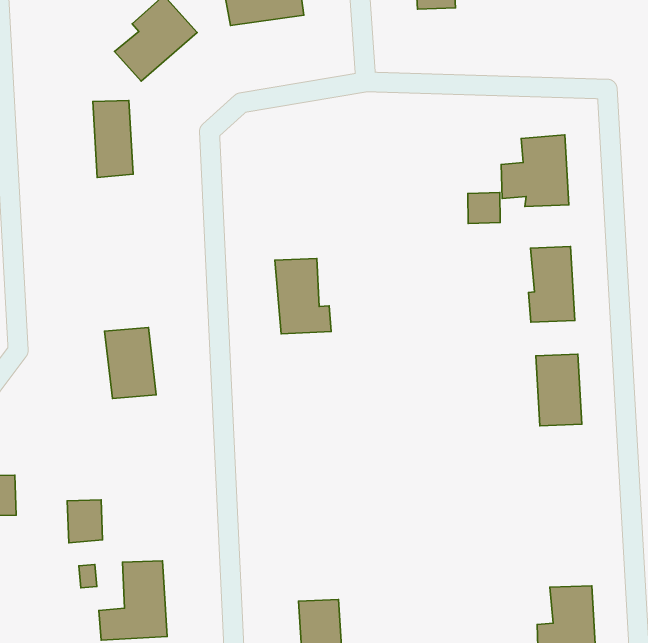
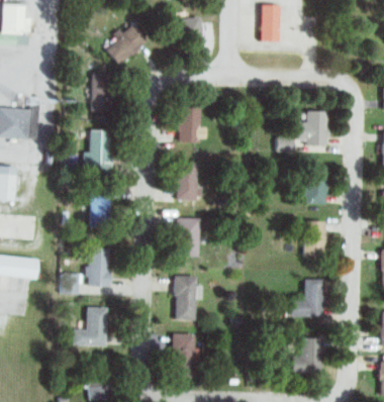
building: none -> [179,106,202,142]
building: none -> [84,129,113,176]
building: none -> [177,217,201,257]
building: none -> [88,248,111,286]
building: none -> [291,279,324,316]
building: none -> [175,275,204,320]

